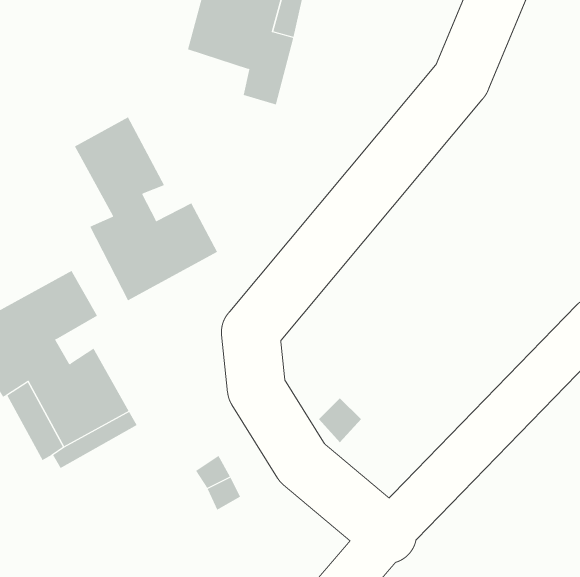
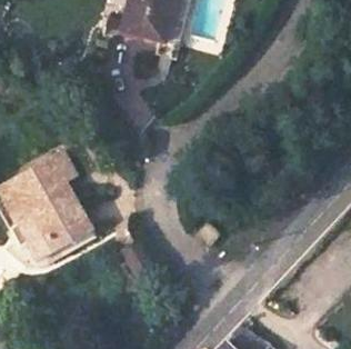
building: [74,117,218,301] -> none

